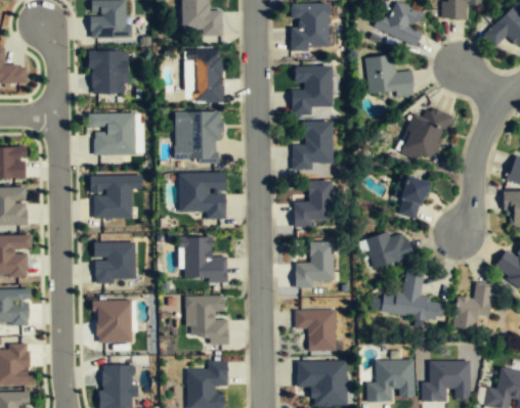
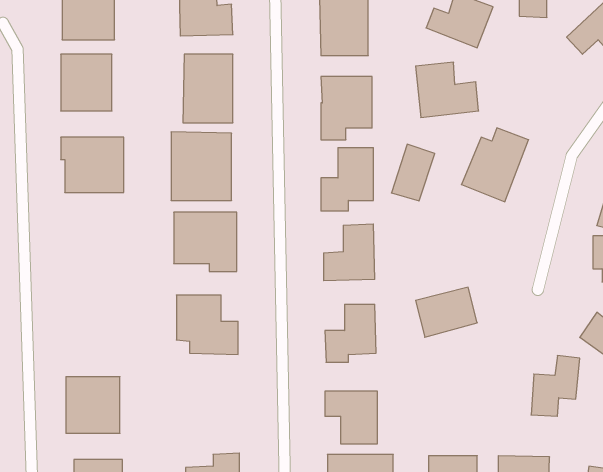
building: [90,174,142,218] -> none
building: [396,175,430,219] -> [391,144,435,201]
building: [93,240,135,281] -> none
building: [374,270,444,321] -> none
building: [185,293,228,344] -> none

